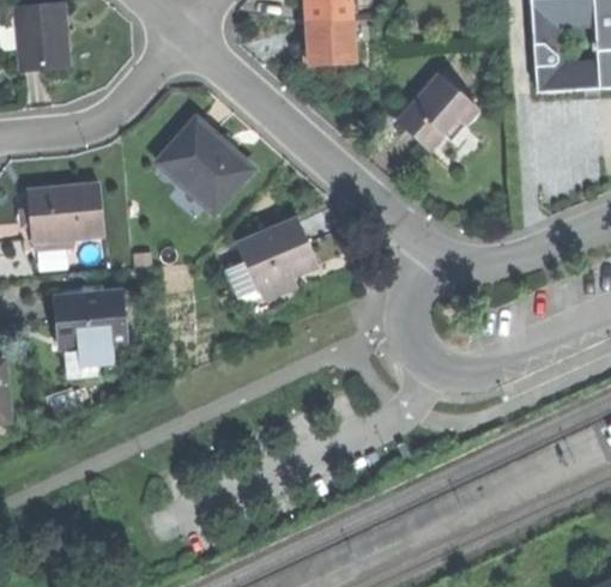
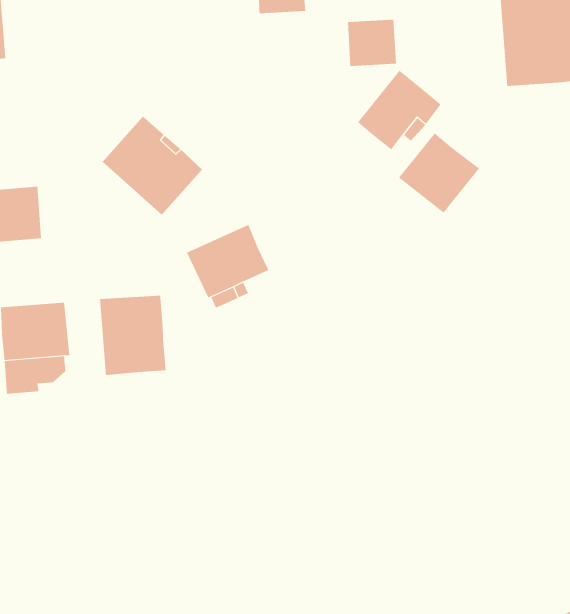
building: [306,19,352,63] -> [347,19,397,67]
building: none -> [398,132,480,214]
building: none -> [100,295,166,376]

